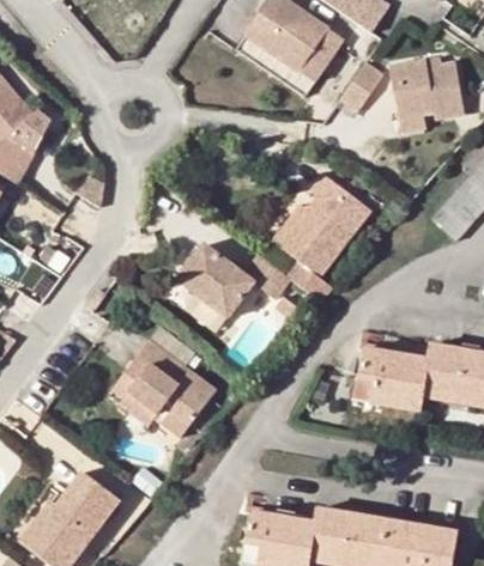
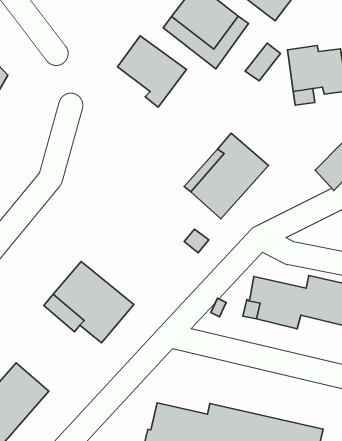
building: none -> [118,36,187,107]
building: [179,247,291,319] -> none

